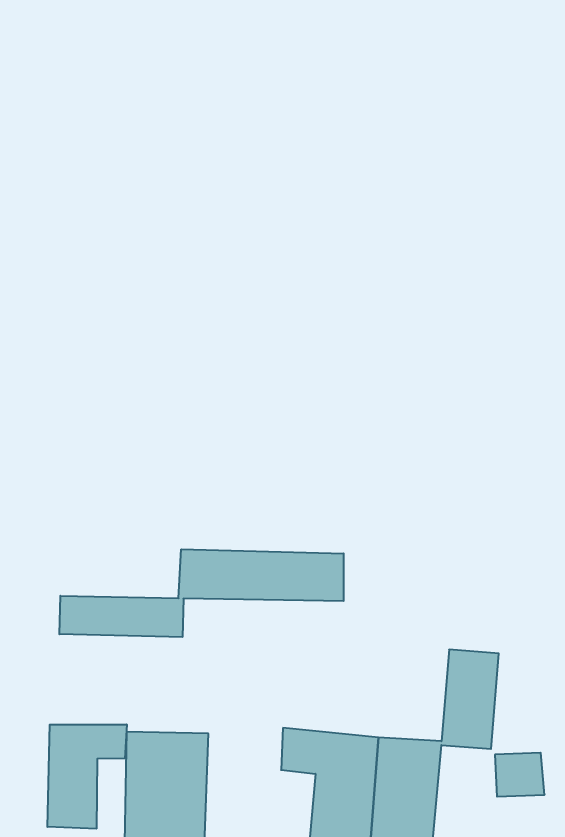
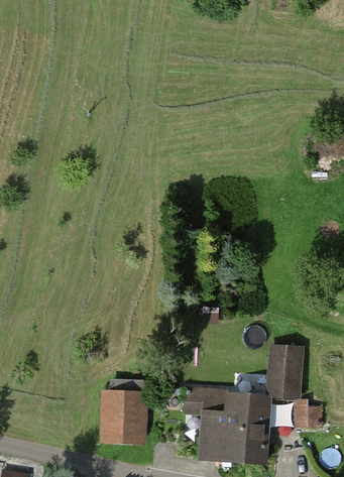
building: [59,549,344,637] -> none
building: [47,724,127,829] -> none

